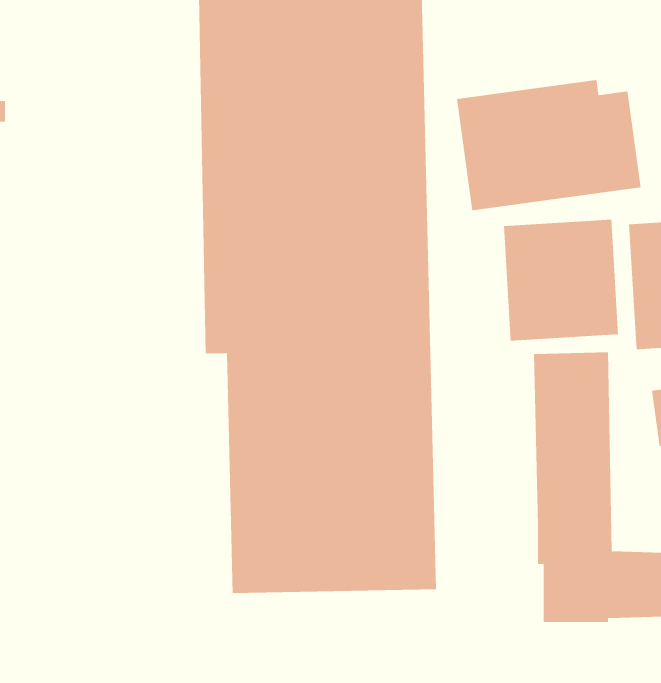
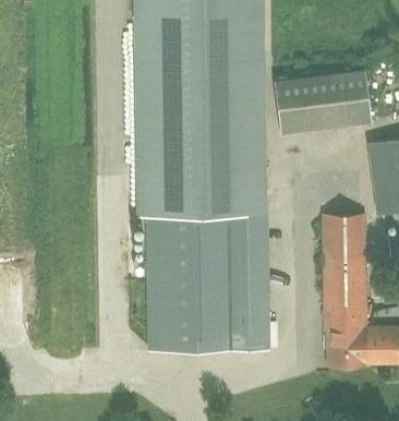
building: [504,219,619,342] -> none

